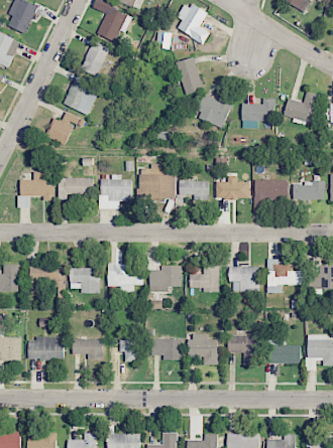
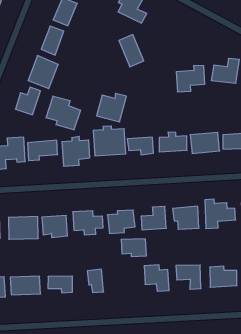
building: [197,94,234,128] -> [97,93,126,122]
building: none -> [46,96,81,130]
building: [152,338,182,359] -> [121,239,146,257]

